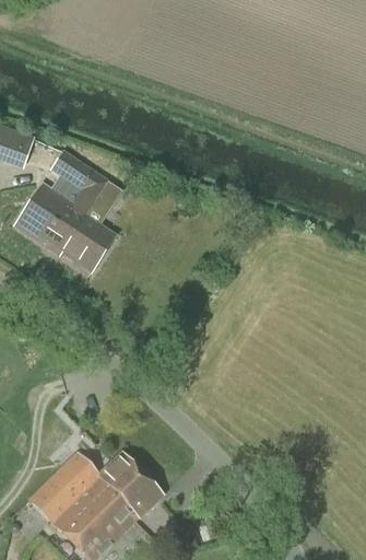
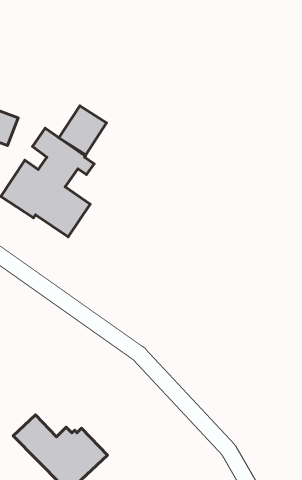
building: none -> [59,106,106,155]
building: [54,452,163,522] -> none

